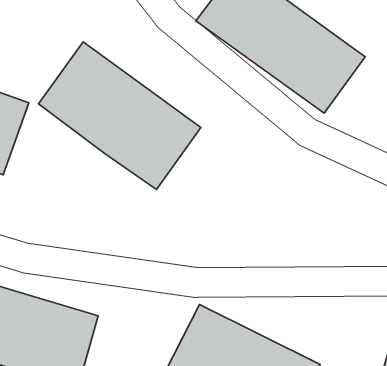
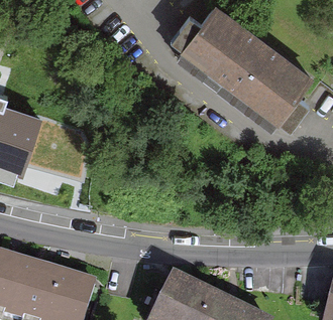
building: [39,42,201,190] -> none

